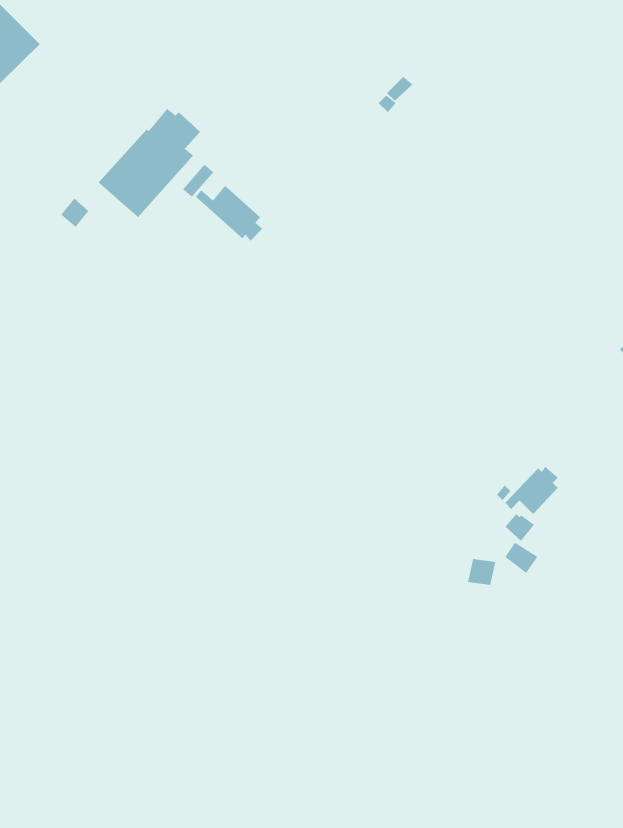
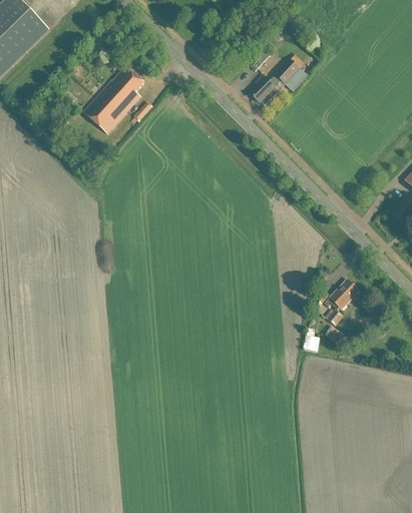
building: none -> [251,57,301,104]
building: [195,185,263,241] -> none

